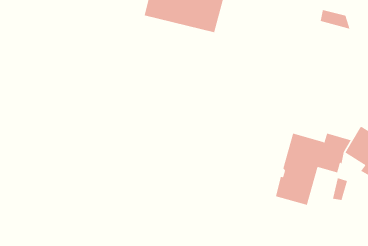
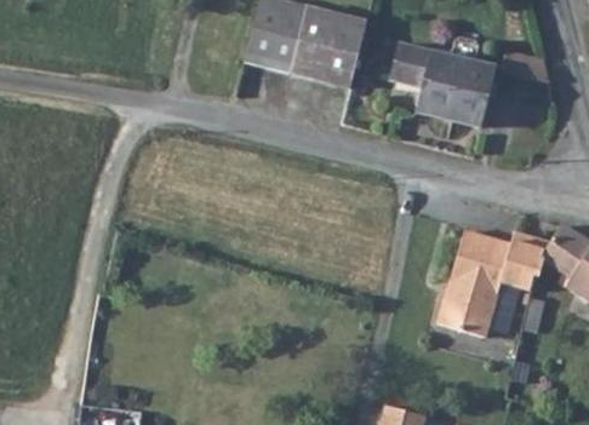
building: none -> [391,44,496,125]

